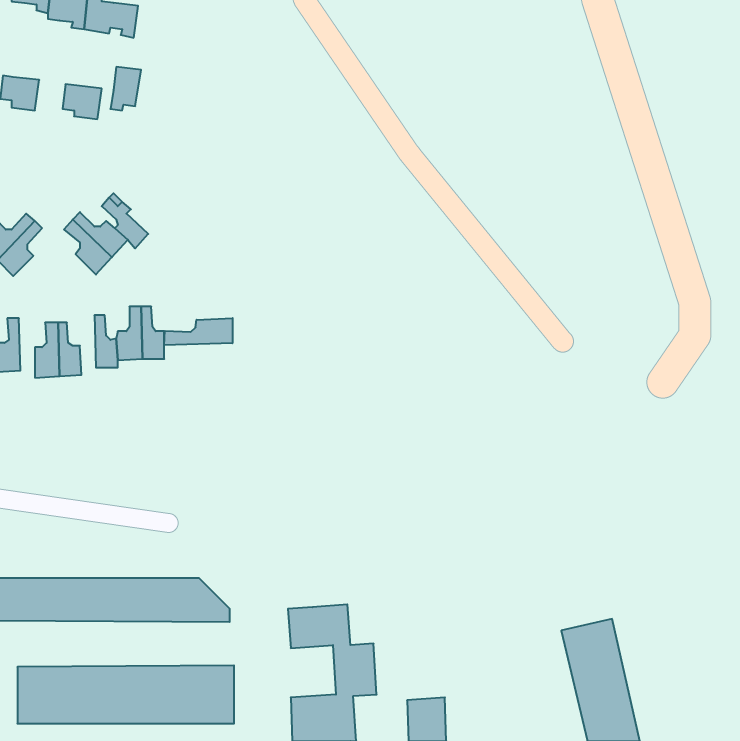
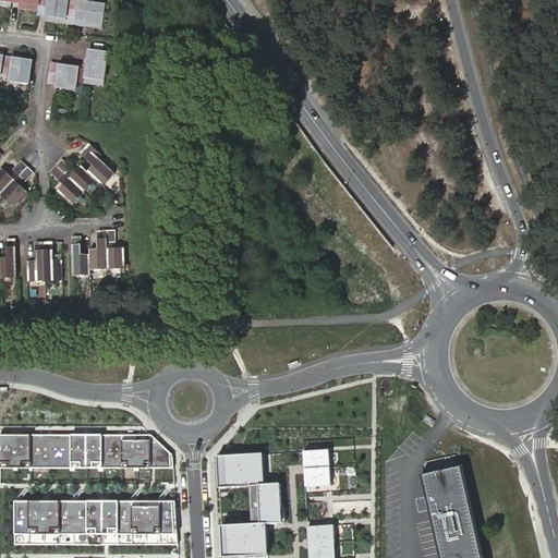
building: [164,318,233,345] -> none
building: none -> [301,448,330,486]

